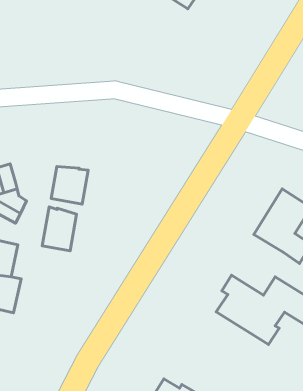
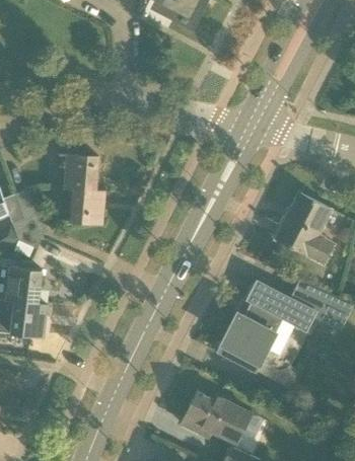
building: none -> [64,154,97,188]
building: [42,207,77,251] -> none
building: none -> [217,314,298,374]

